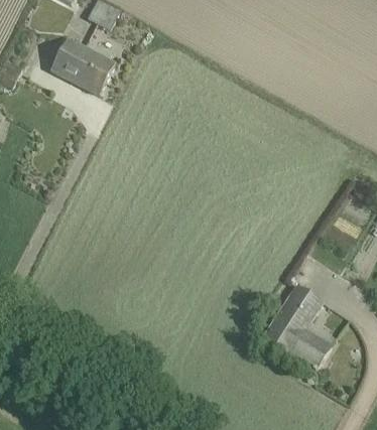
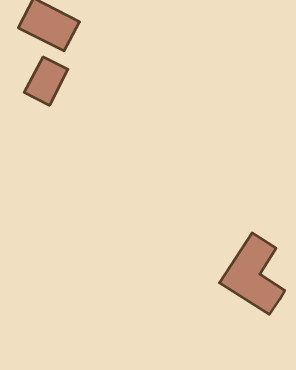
building: none -> [24,57,68,105]

